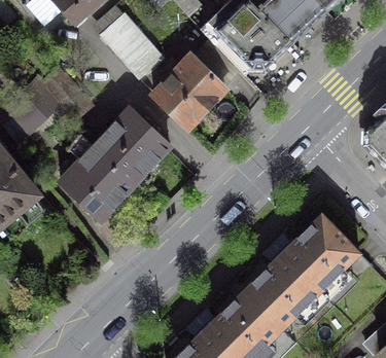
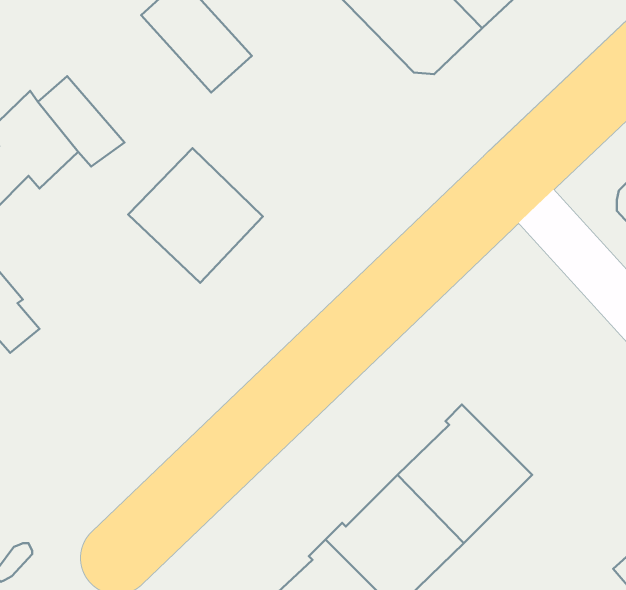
building: [153,55,224,127] -> none
building: [61,145,134,218] -> none
building: [280,214,358,290] -> none

